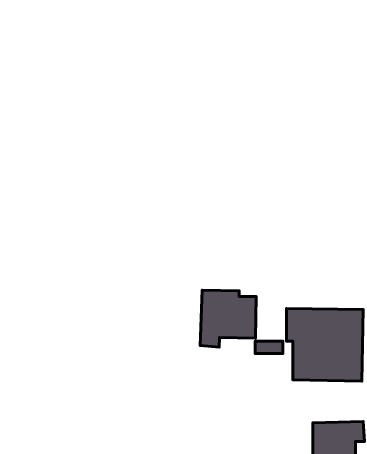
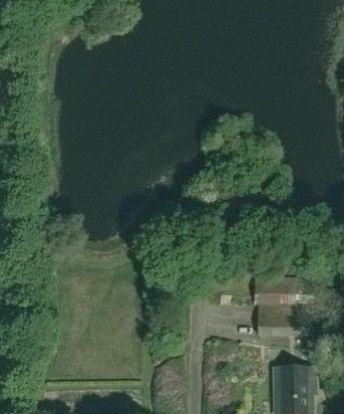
building: [200,290,256,347] -> none

